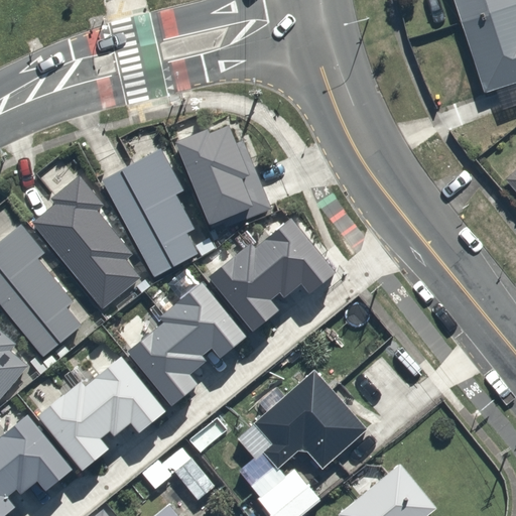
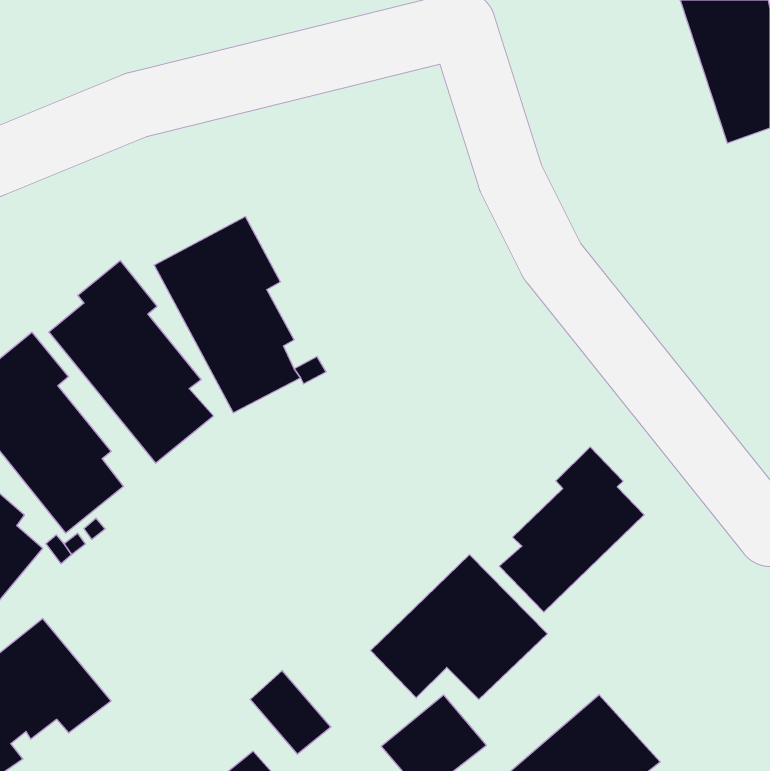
building: [175,124,272,231] -> none
building: [209,218,336,331] -> none
building: [128,281,246,405] -> none
building: none -> [499,447,644,612]
building: [38,356,166,470] -> none

